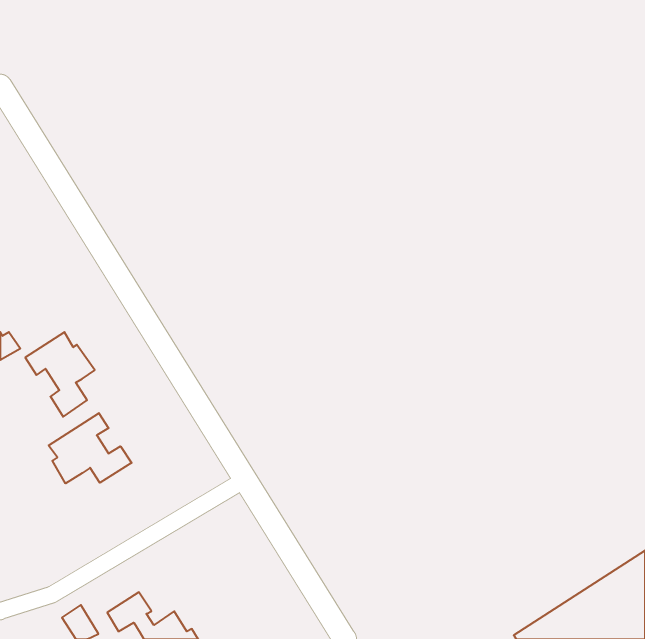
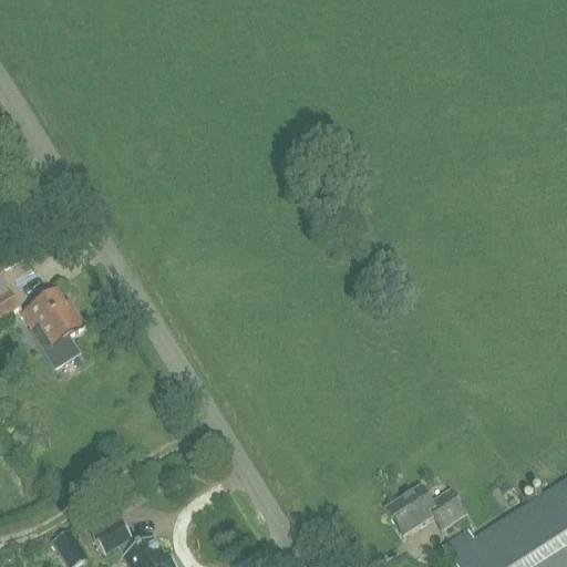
building: [49,413,132,483] -> none
building: none -> [385,486,465,535]

